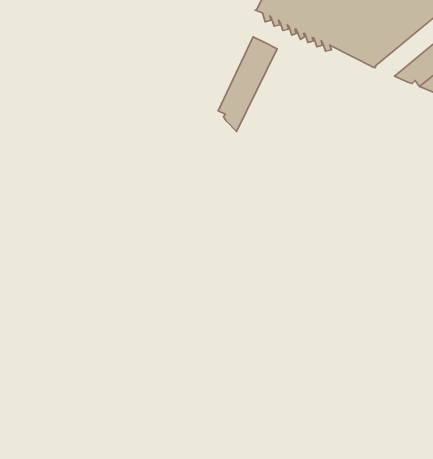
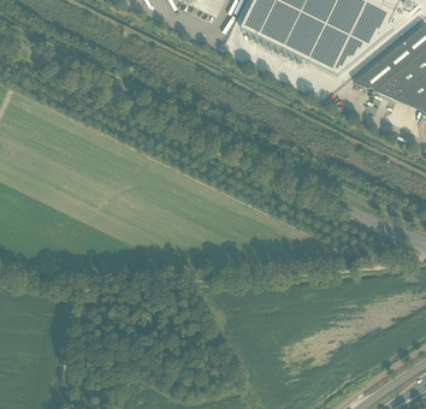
building: [218,37,277,132] -> none

